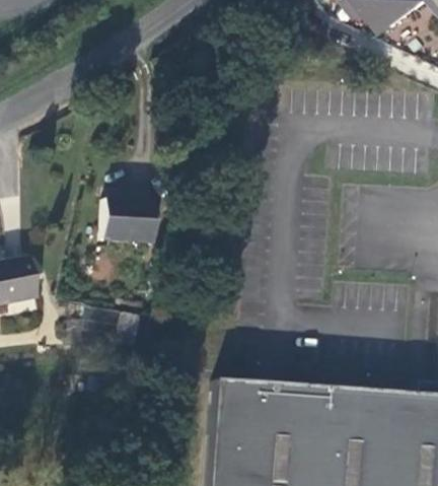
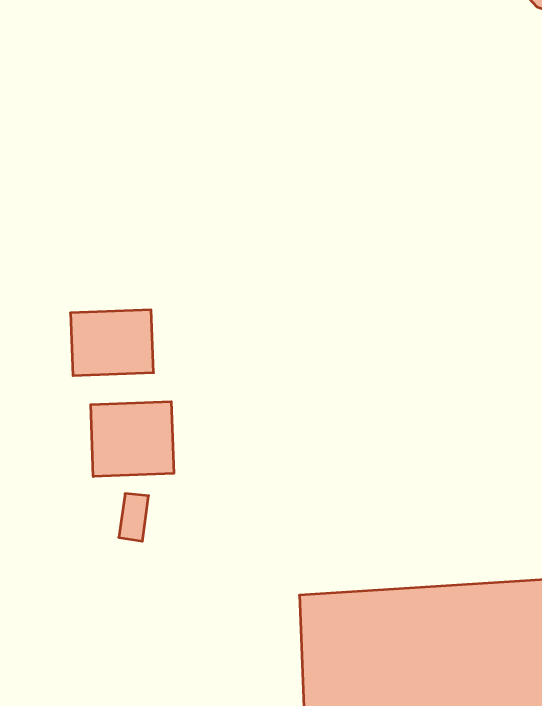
building: none -> [91,402,174,477]

